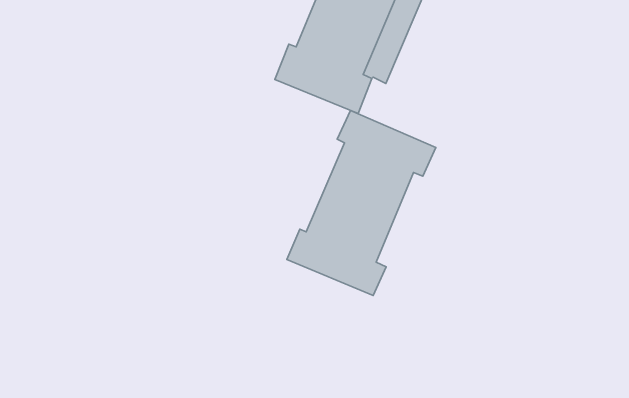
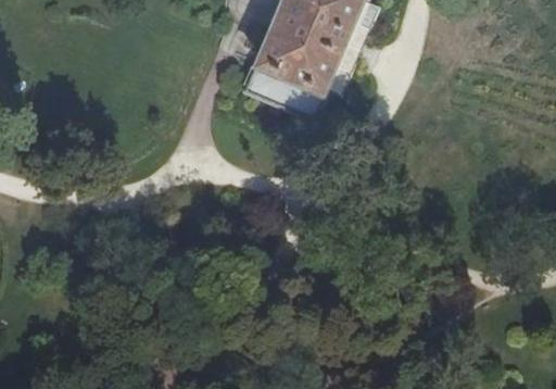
building: [287,110,436,296] -> none

